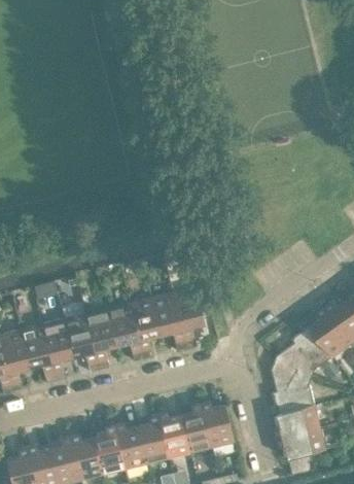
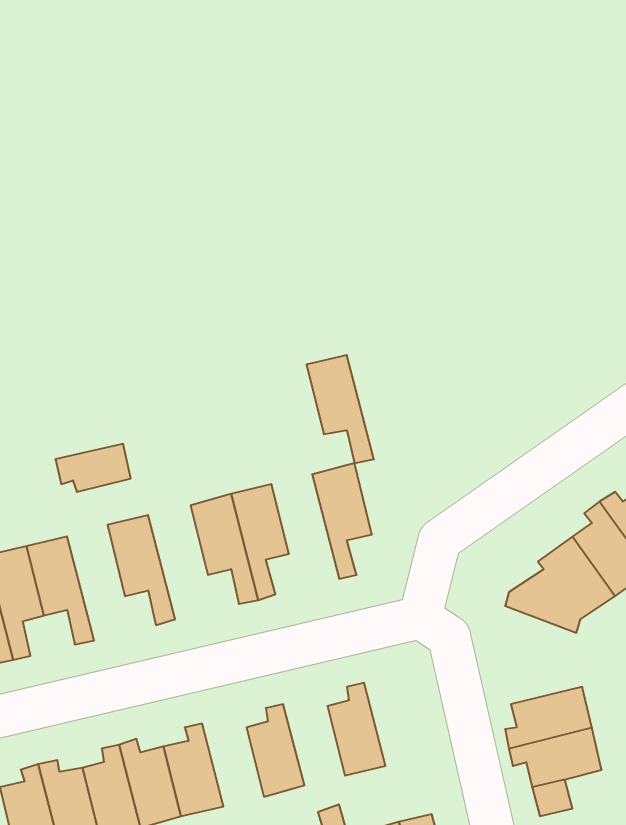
building: [150,292,186,350] -> [306,355,374,463]
building: [84,309,116,370] -> none
building: [41,319,72,381] -> none
building: [272,362,316,415] -> none
building: [200,402,234,448] -> none
building: [156,412,189,458] -> none
building: [113,423,146,470] -> none

